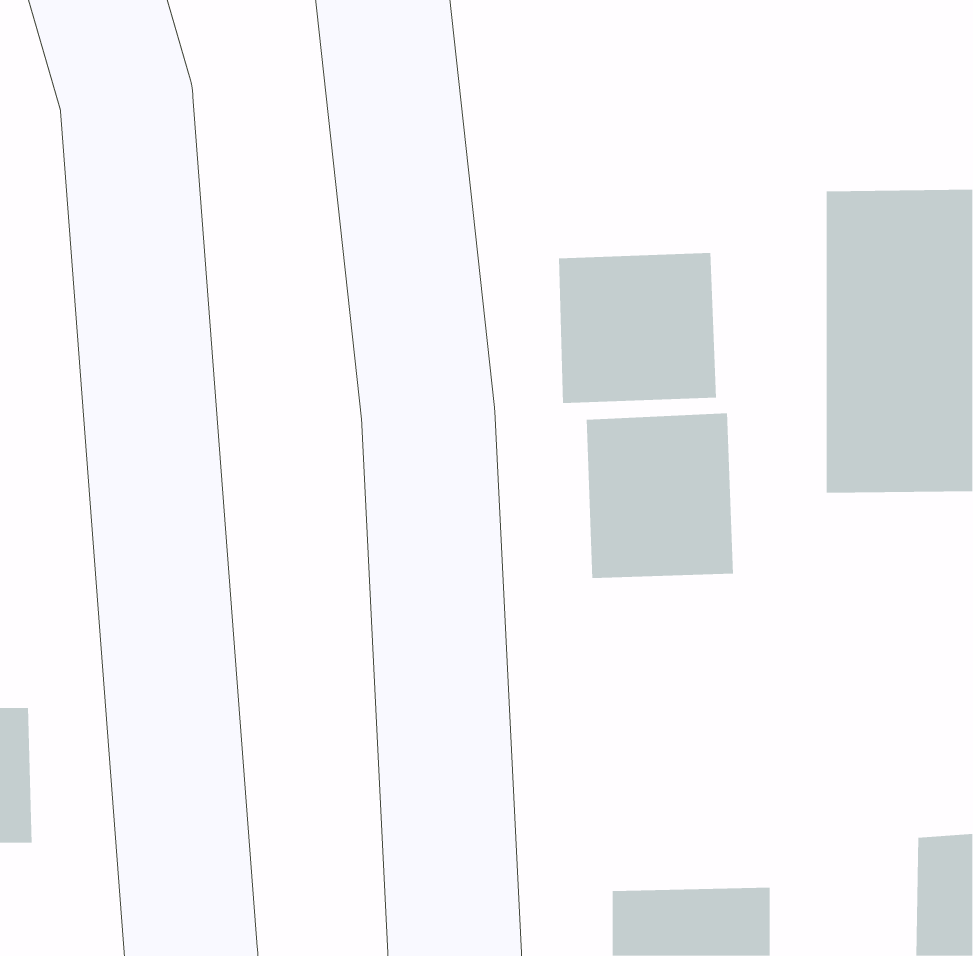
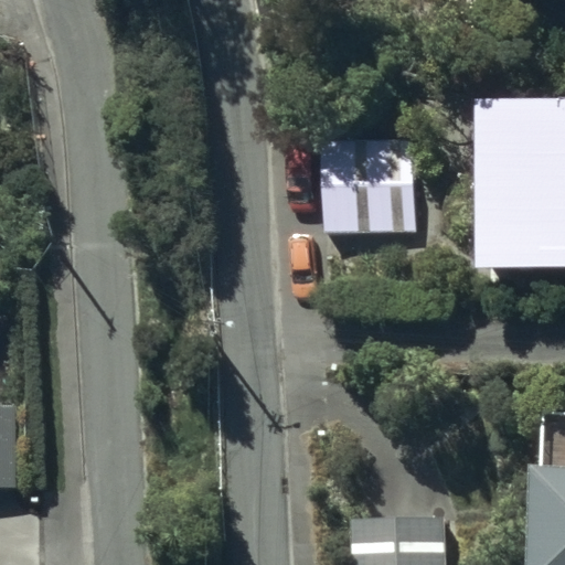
building: [586,412,734,579] -> none

